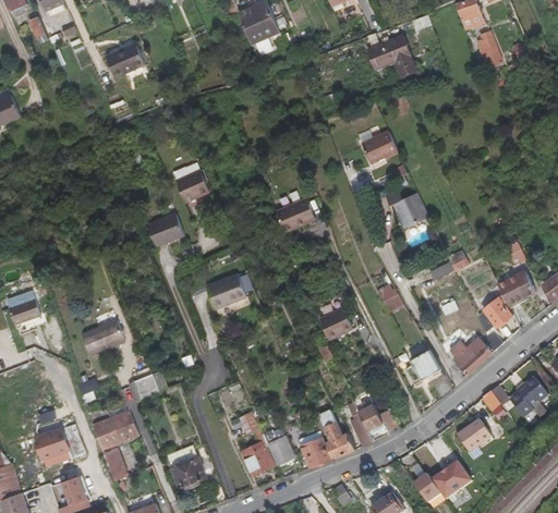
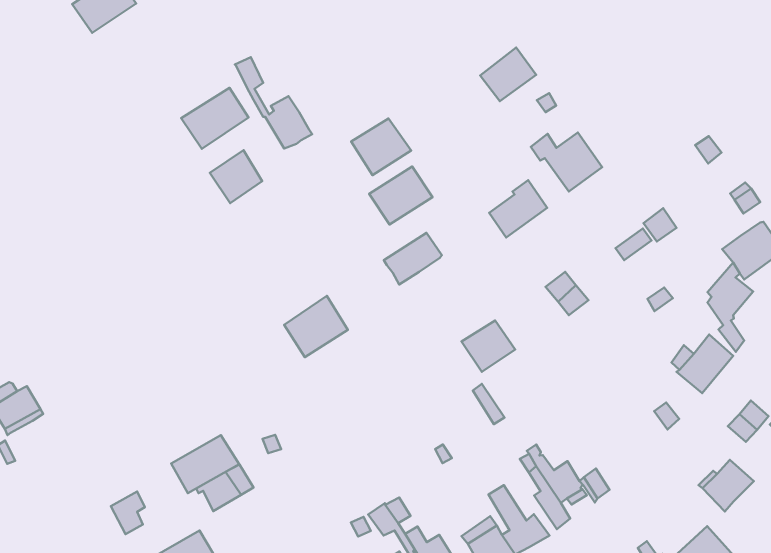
building: none -> [235,57,312,148]
building: none -> [181,88,248,149]
building: none -> [351,118,411,175]
building: [148,213,185,246] -> none
building: none -> [489,180,547,238]
building: none -> [384,233,442,285]
building: [82,320,125,354] -> [171,435,239,493]
building: [409,347,442,381] -> none

